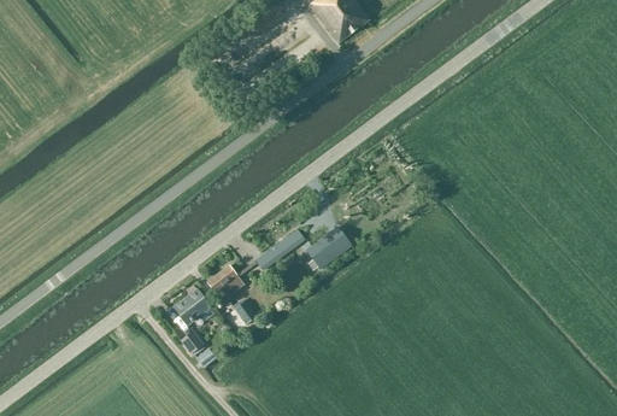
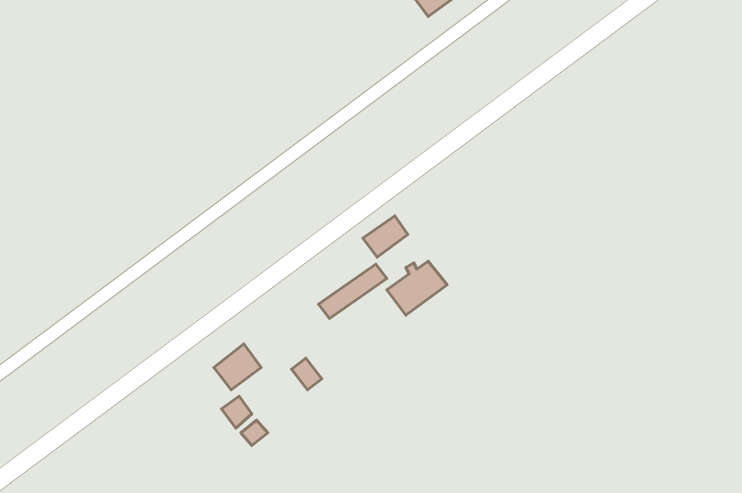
building: none -> [363,216,408,257]
building: [207,264,239,300] -> none

